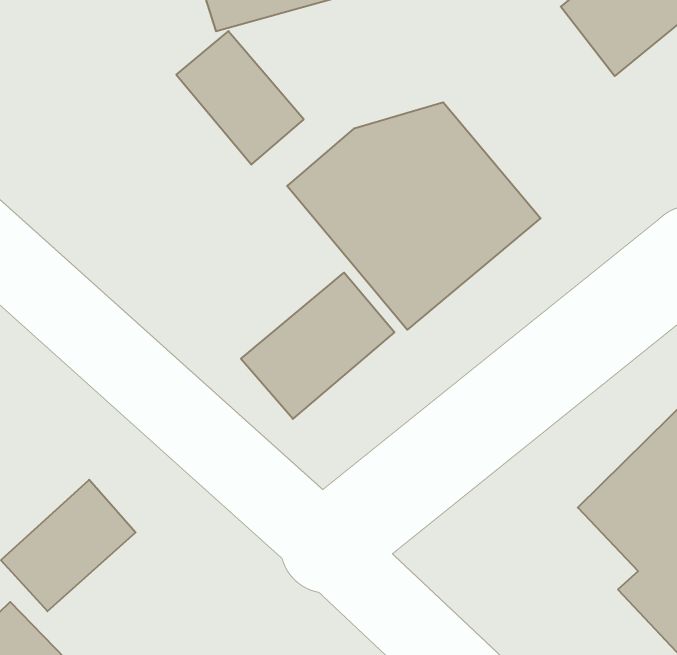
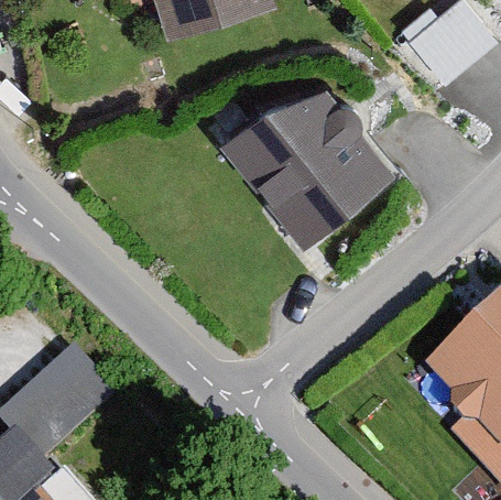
building: [176,31,304,165] -> none
building: [241,273,394,419] -> none

